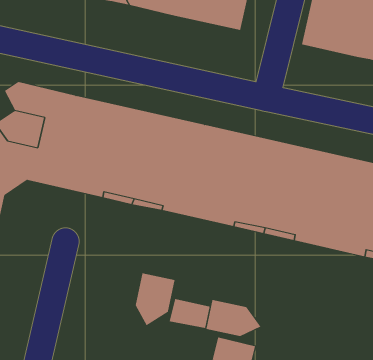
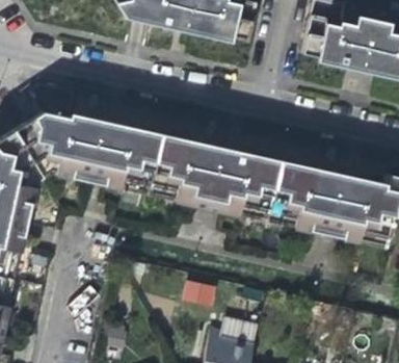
building: [135,273,175,326] -> none
building: [206,299,261,337] -> none

